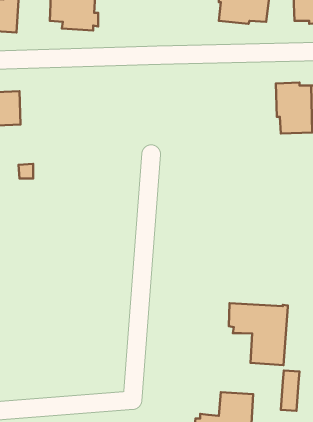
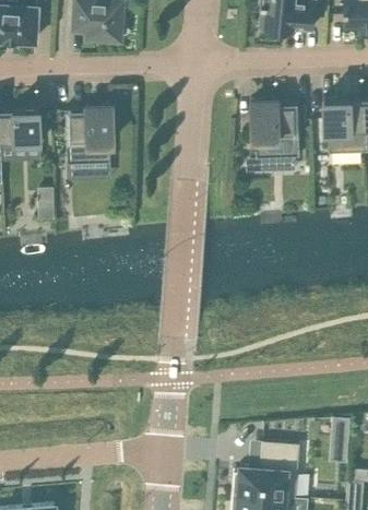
building: none -> [250,102,299,161]
building: none -> [64,107,112,167]
building: [229,303,288,365] -> none

